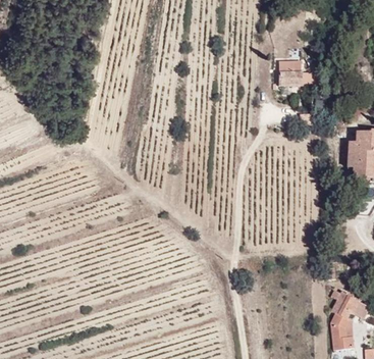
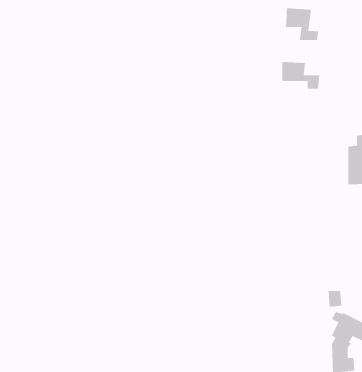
building: none -> [286,7,319,41]

